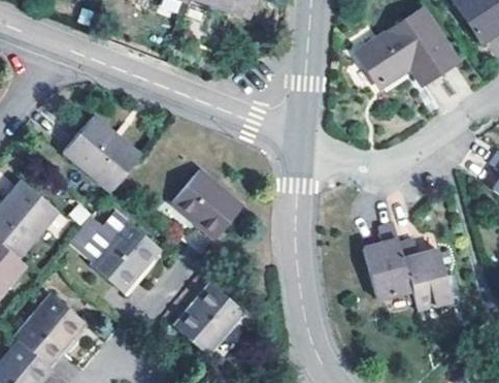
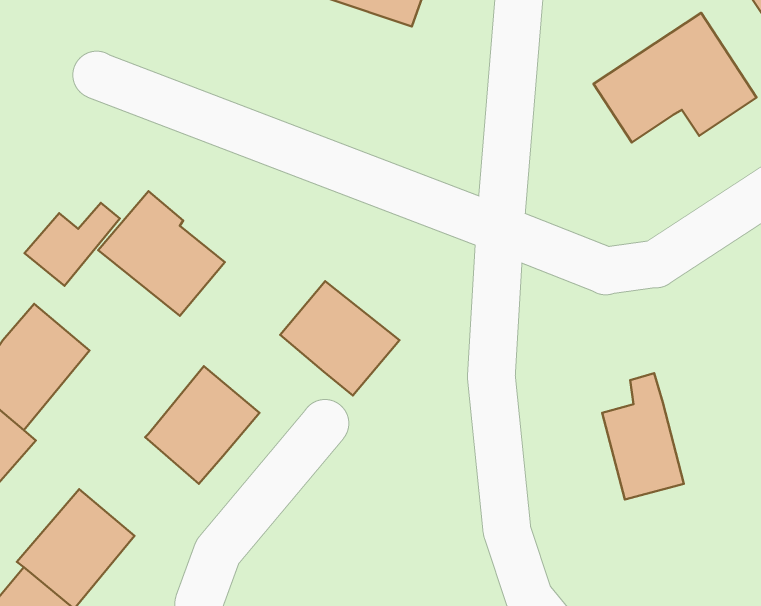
building: [70,211,127,260] -> [24,203,120,286]
building: [400,237,454,309] -> none
building: [175,282,243,353] -> none

